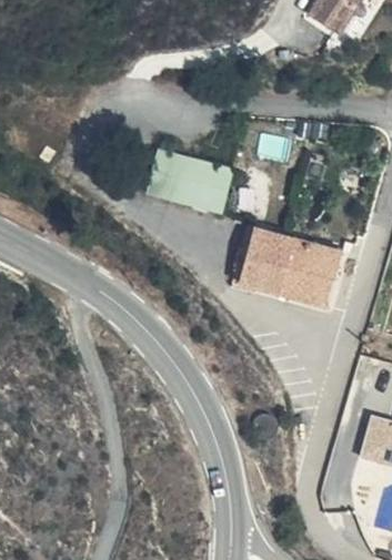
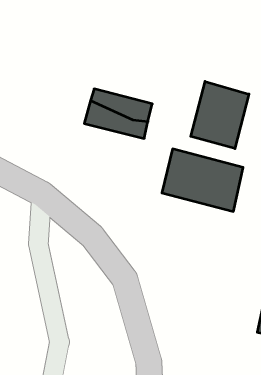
building: none -> [191,81,249,149]

